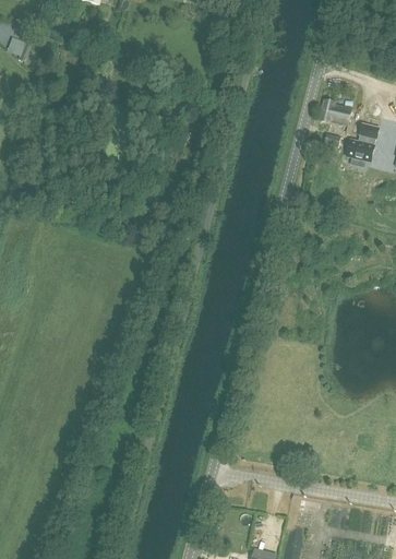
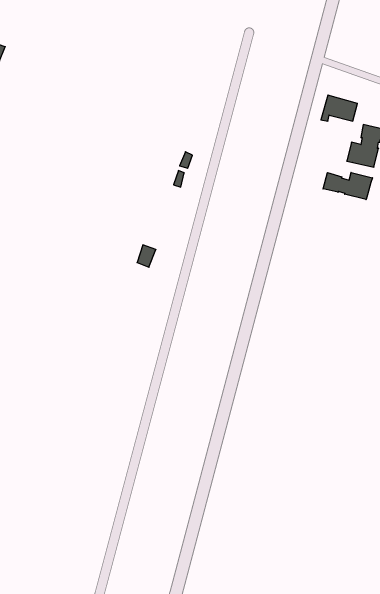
building: none -> [323,172,372,200]

